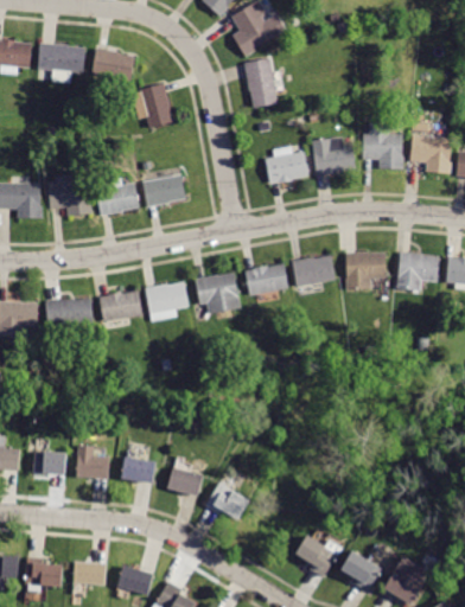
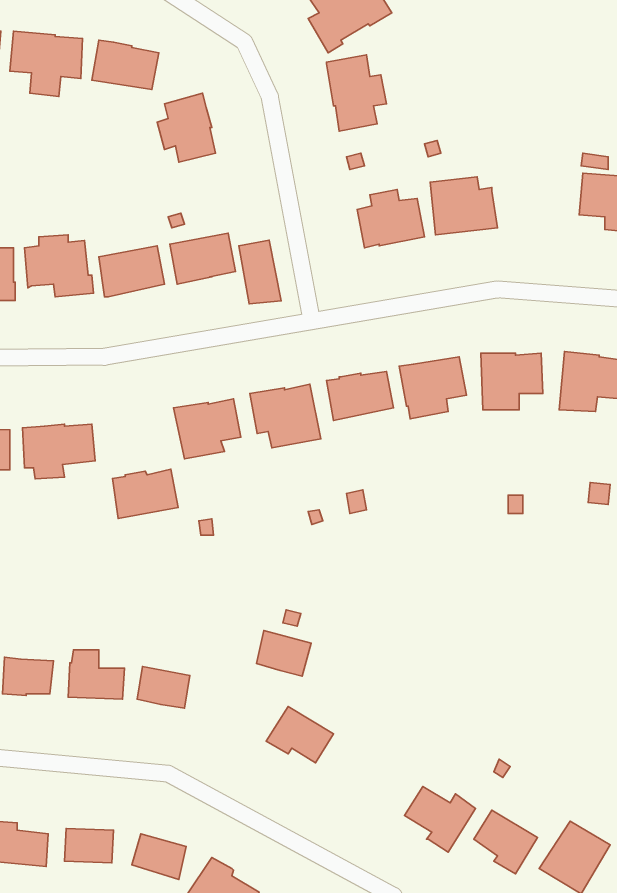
building: [362,123,403,168] -> none
building: none -> [239,240,281,304]
building: [100,290,142,322] -> [113,469,178,518]
building: [167,467,203,497] -> [257,631,311,676]

